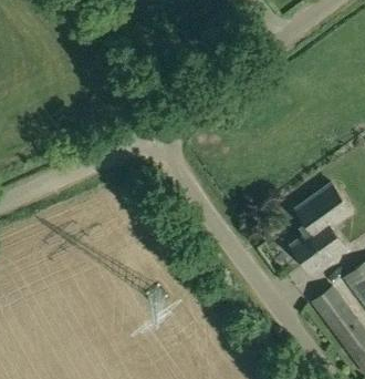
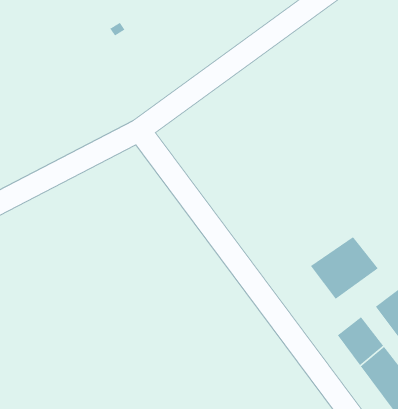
building: [295,182,351,228] -> none

